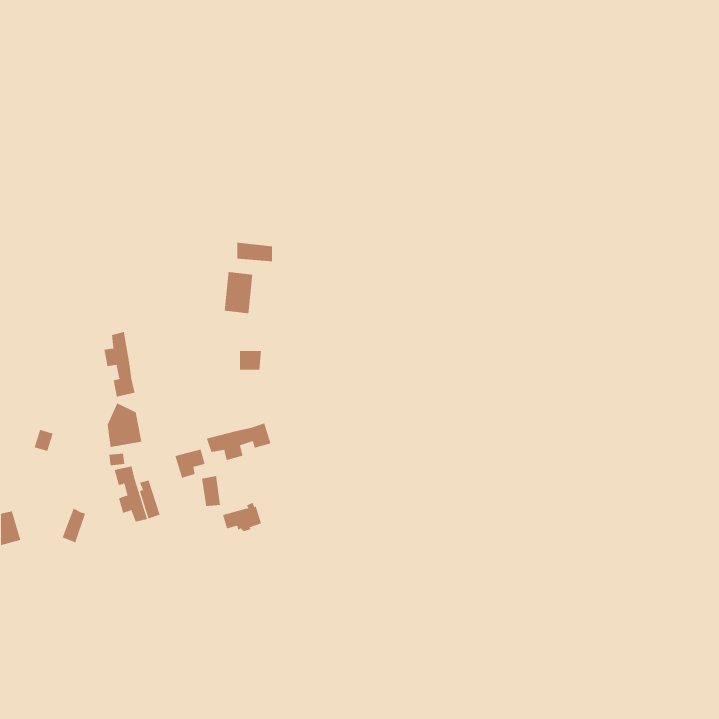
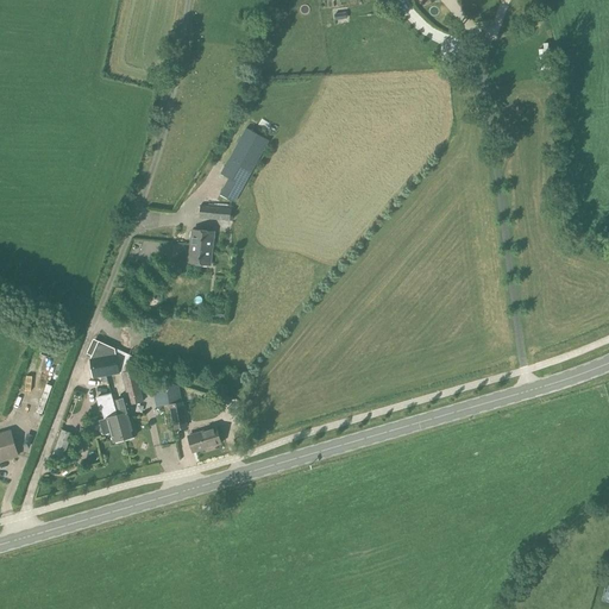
building: none -> [220,128,270,202]
building: [104,331,135,398] -> none
building: [206,422,271,461] -> none

